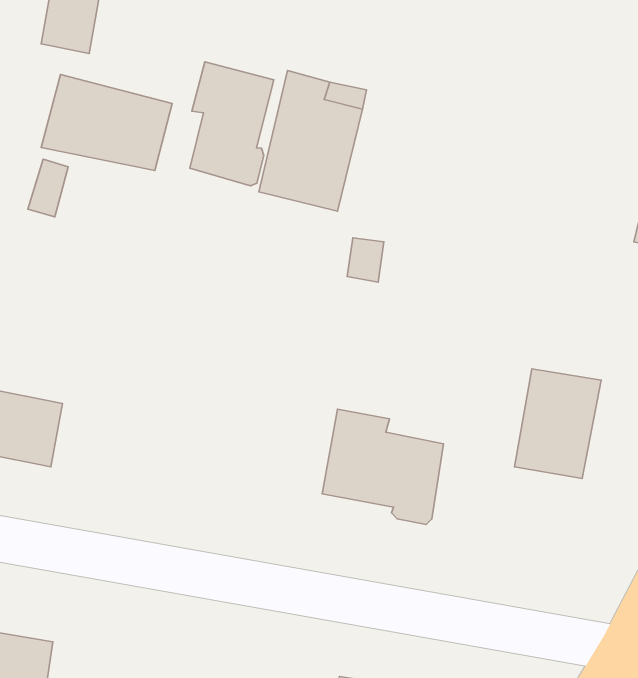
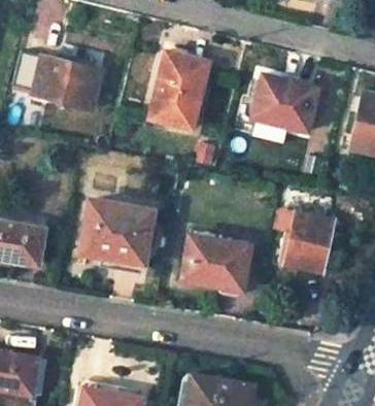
building: [190,62,274,186] -> none
building: none -> [250,75,316,130]
building: none -> [82,200,149,261]

